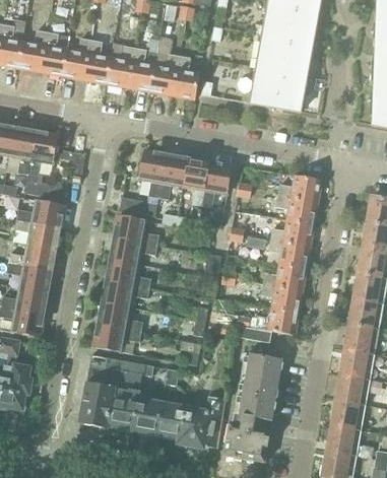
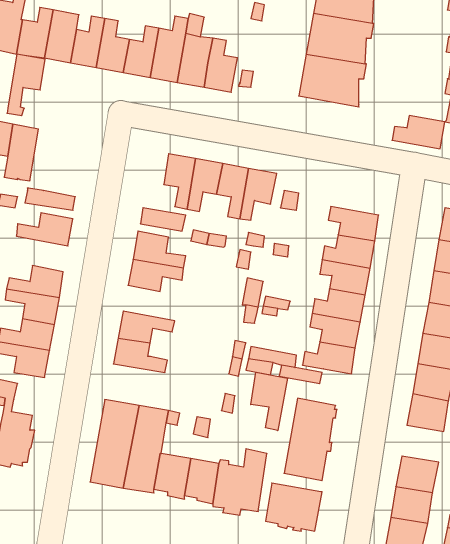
building: [27,130,59,181] -> [7,54,45,116]
building: [277,174,321,201] -> [392,116,445,149]
building: [15,218,60,248] -> none
building: [106,259,150,288] -> none
building: [93,324,140,350] -> none
building: none -> [251,372,287,431]
building: [336,374,371,405] -> none

